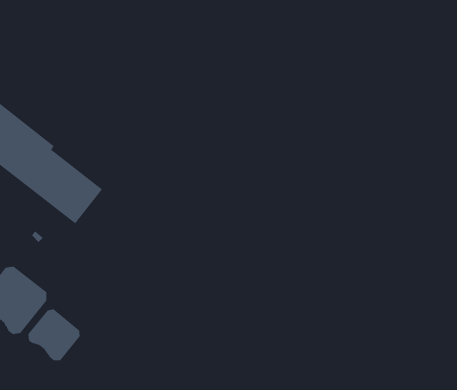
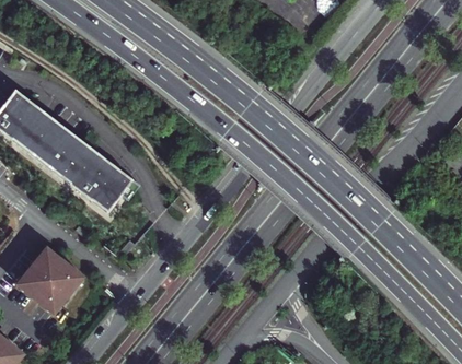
building: [28,309,80,361] -> none

